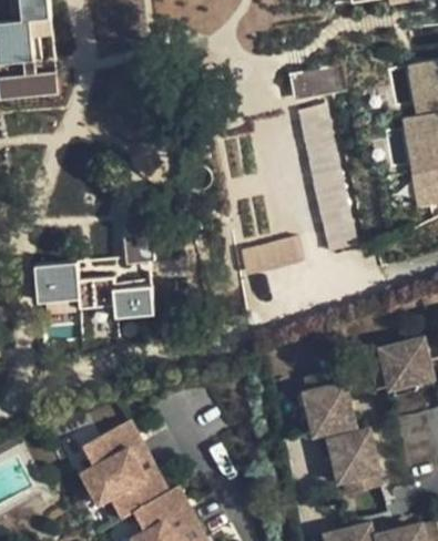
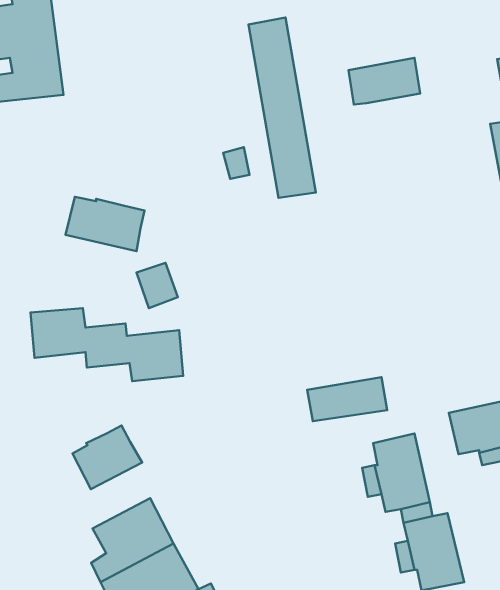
building: [299,102,354,247] -> [248,18,316,198]
building: none -> [65,197,144,251]
building: [238,236,303,272] -> [307,377,387,421]
building: none -> [72,425,142,489]

